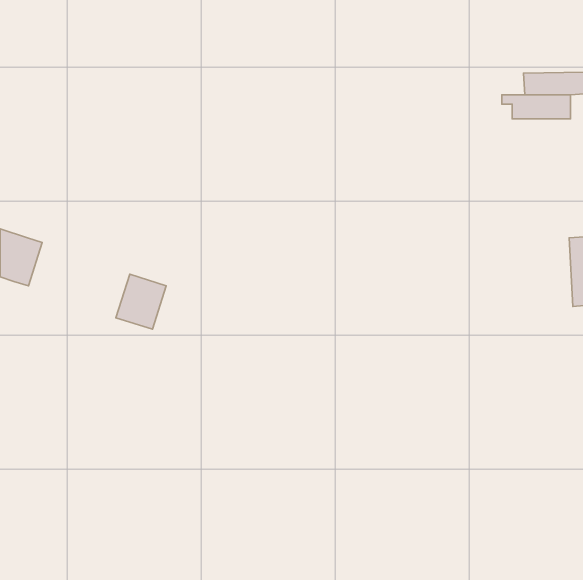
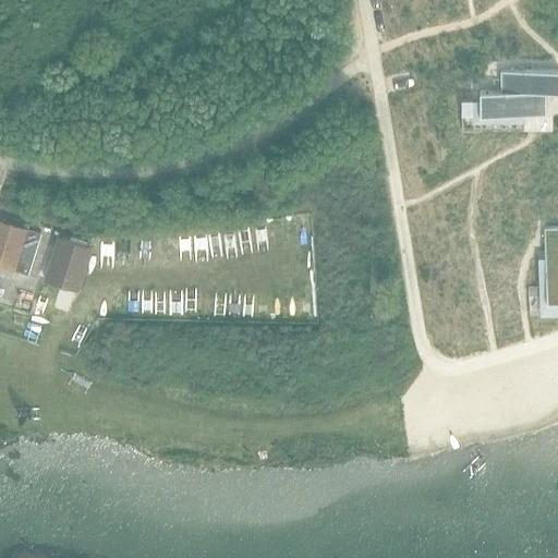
building: [116,274,166,329] -> [44,240,92,292]

